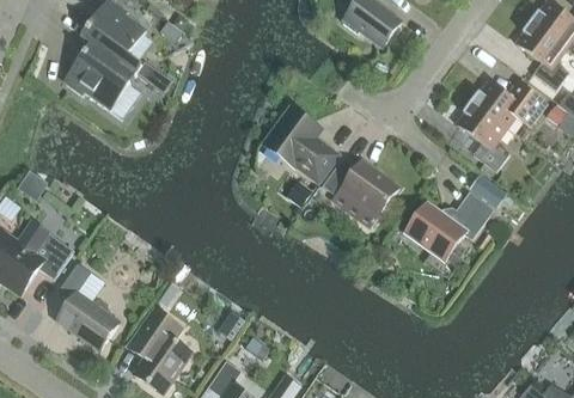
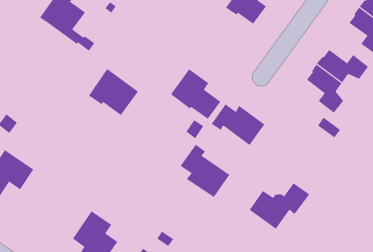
building: [63,42,135,109] -> [88,68,139,116]
building: [407,192,493,258] -> [249,183,310,229]
building: none -> [180,144,230,198]
building: [56,262,120,349] -> none

